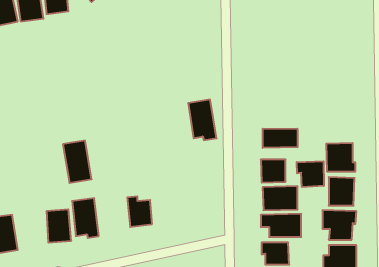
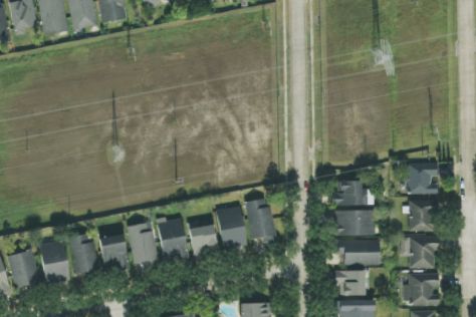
building: [188,100,217,140] -> [245,198,276,242]
building: [263,129,297,148] -> none
building: [63,141,92,183] -> [157,217,188,263]
building: [297,161,324,187] -> none
building: none -> [217,207,246,250]
building: none -> [65,233,98,275]

